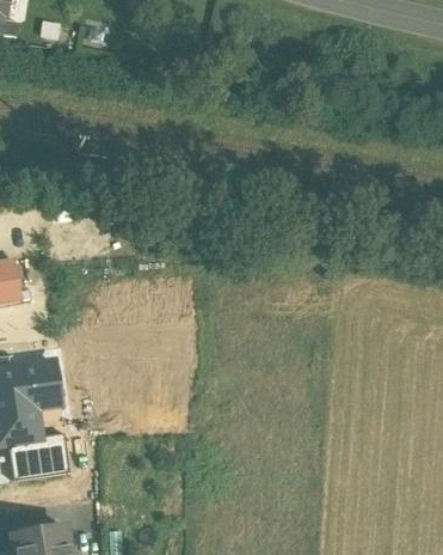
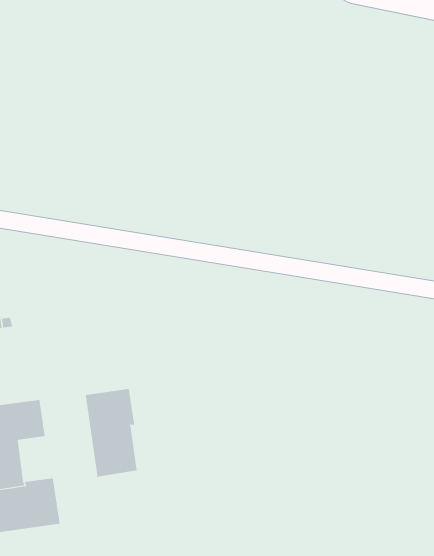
building: none -> [85,388,137,477]

